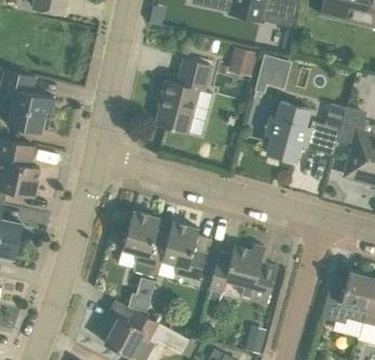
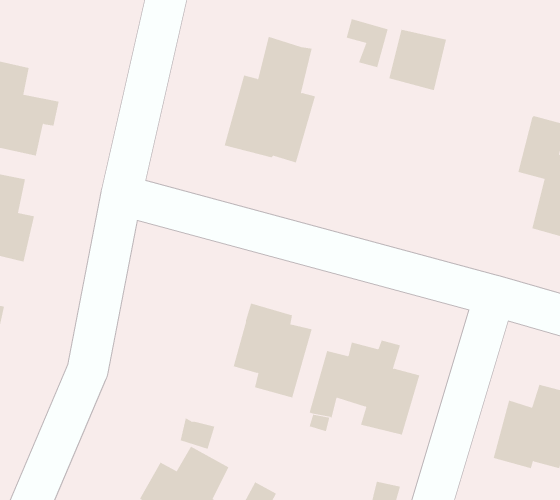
building: [264,101,345,163] -> none
building: [122,211,168,277] -> none

